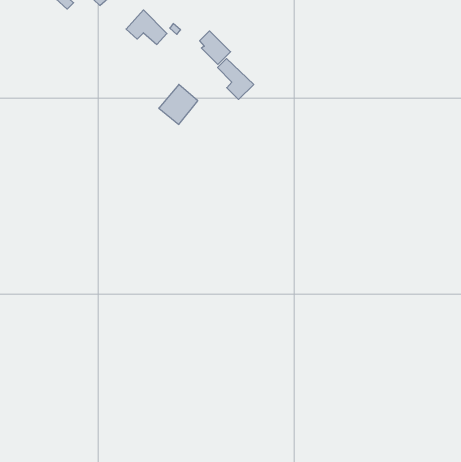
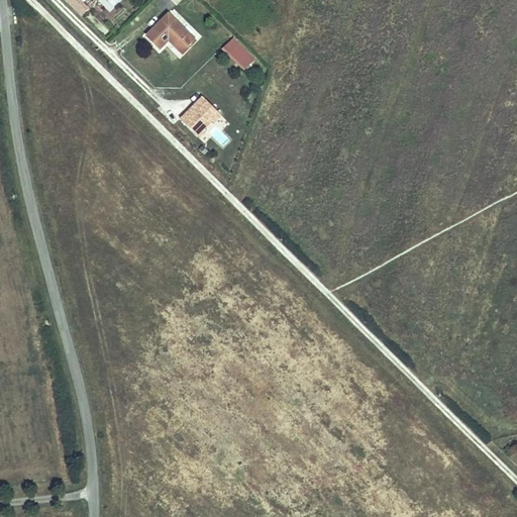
building: [218,59,254,99] -> none

